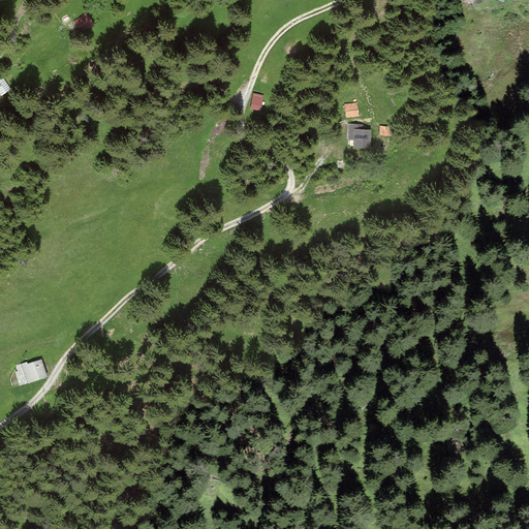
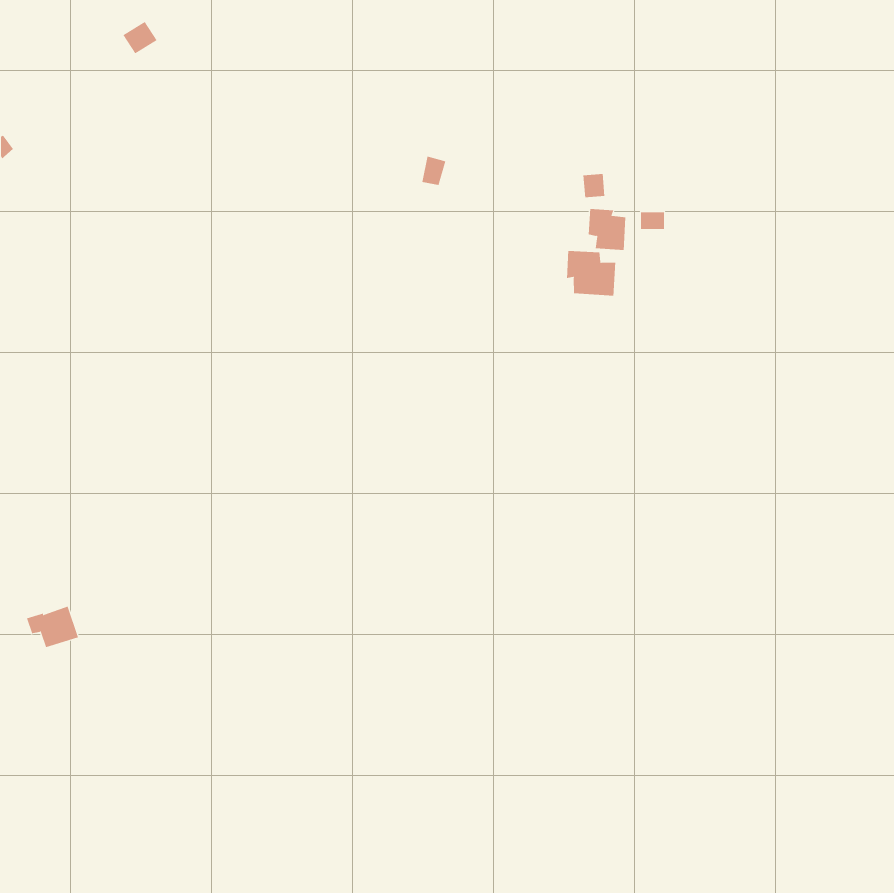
building: none -> [567,250,616,296]

